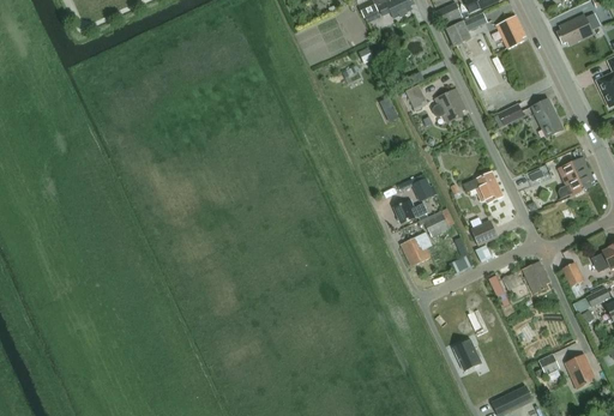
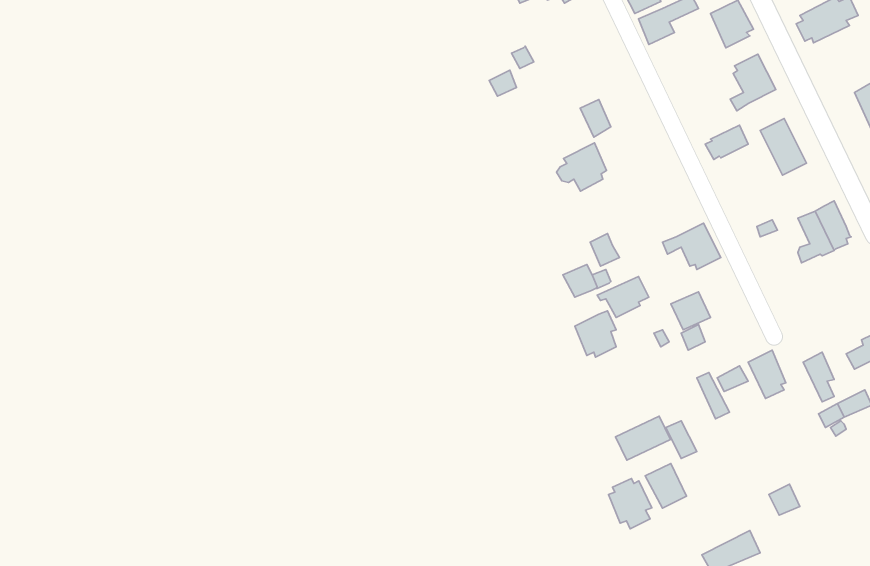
building: none -> [730,54,776,111]
building: [431,88,465,121] -> [557,143,606,191]
building: none -> [616,416,670,460]
building: none -> [609,478,652,529]
building: [566,354,595,388] -> none

